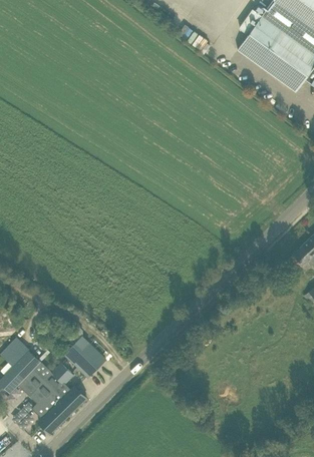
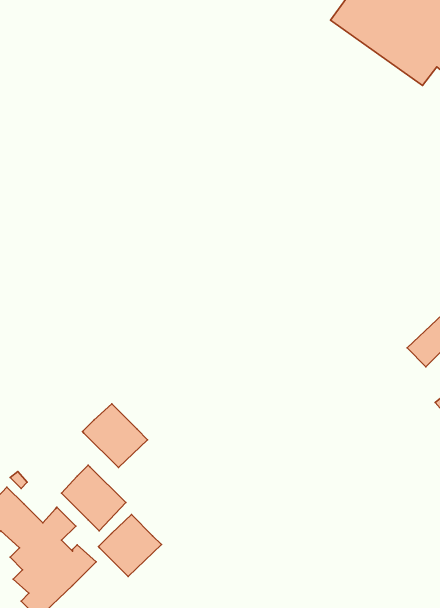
building: none -> [82,404,148,467]
building: none -> [98,515,161,576]

